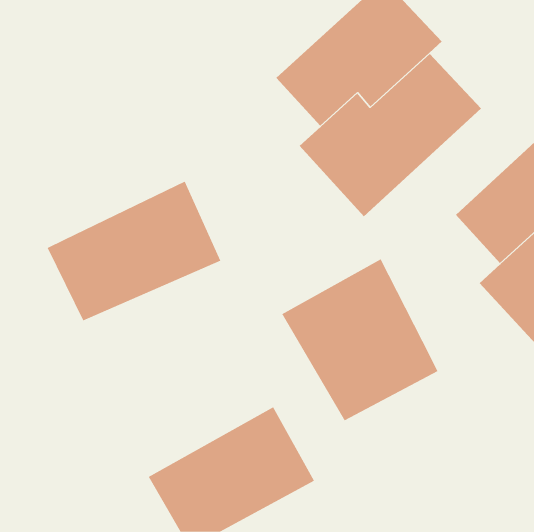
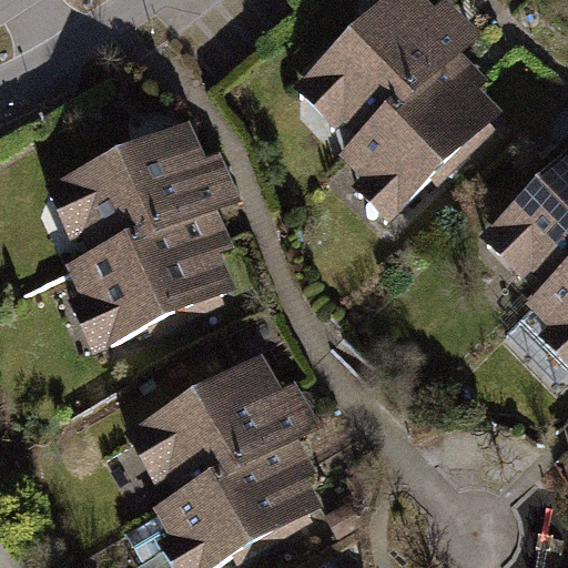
building: none -> [44,114,219,250]
building: [282,258,438,421] -> none
building: none -> [115,351,308,504]

